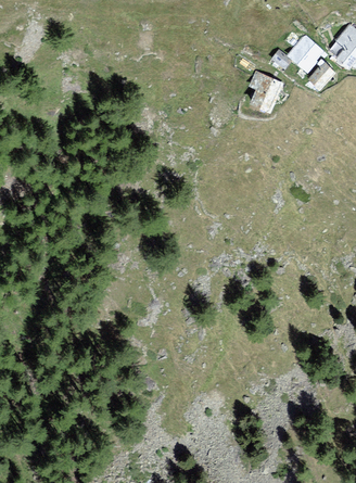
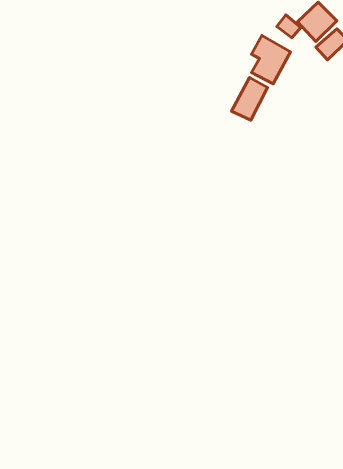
building: none -> [231,78,268,120]

